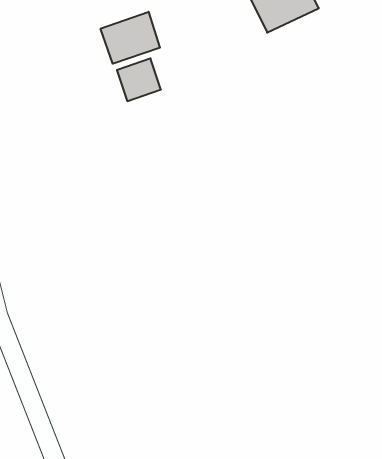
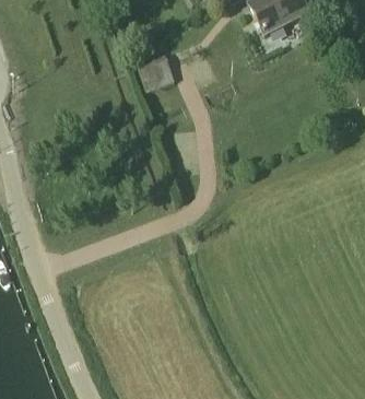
building: [101,12,160,64] -> none

